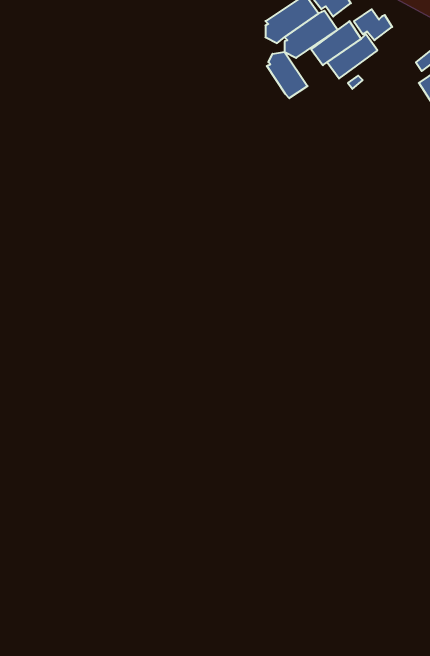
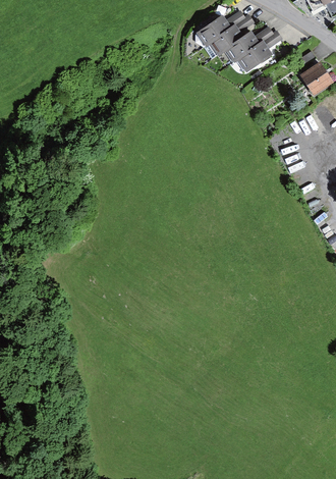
building: [267,52,308,98] -> none

